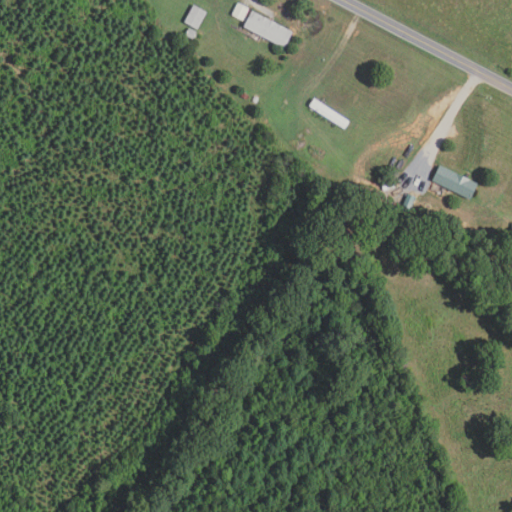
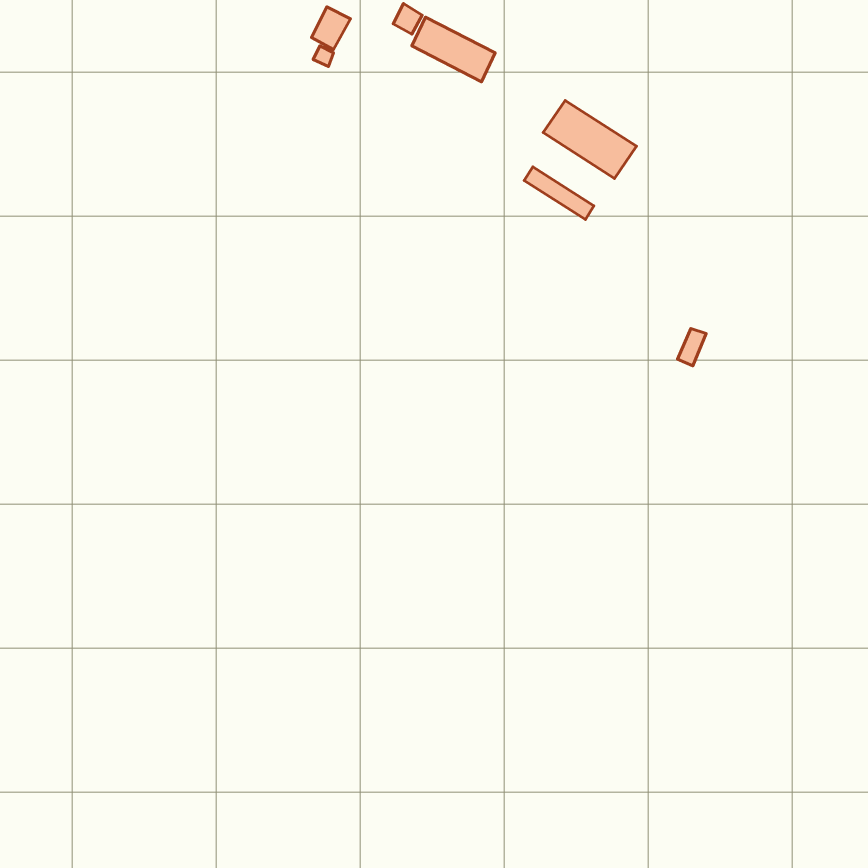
building: none -> [543,100,637,178]
building: [431,165,477,199] -> none

